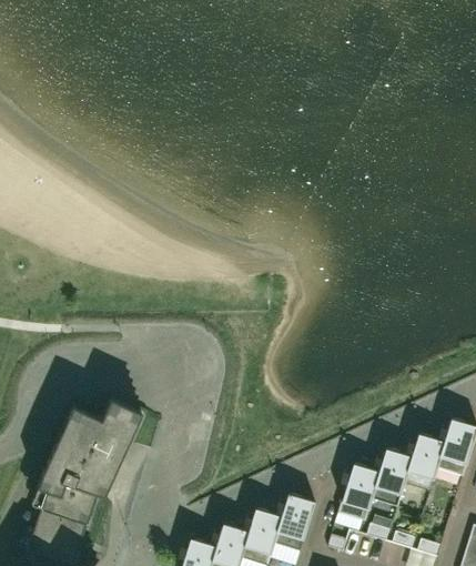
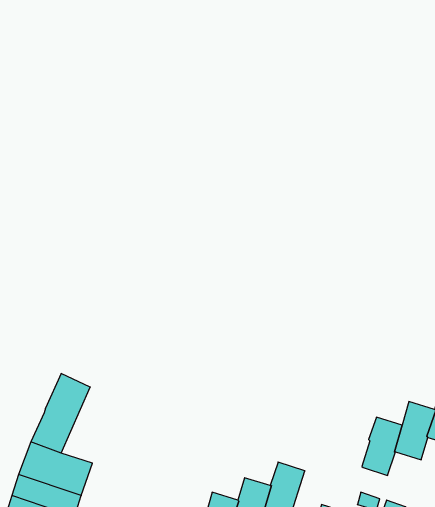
building: [73,398,143,494] -> none
building: [338,463,379,520] -> none

